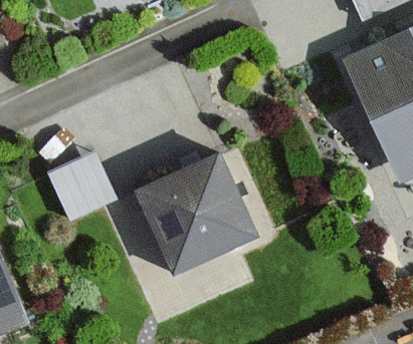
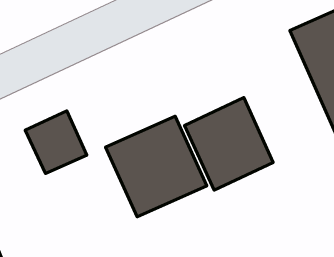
building: none -> [185,98,273,190]

